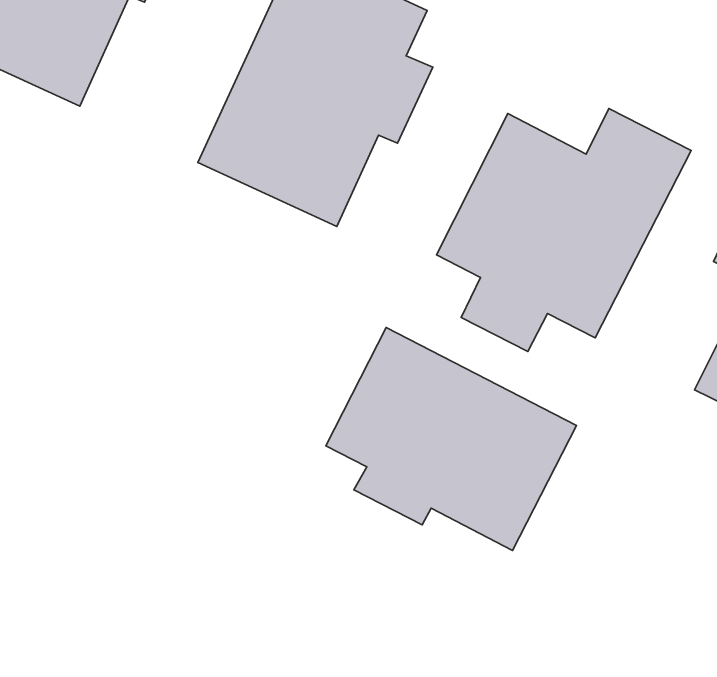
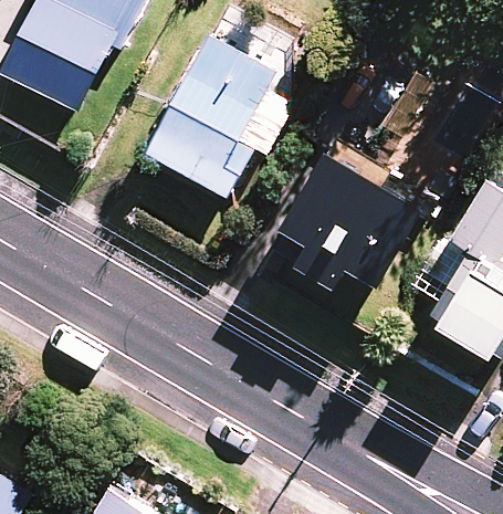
building: [326,328,577,550] -> none

